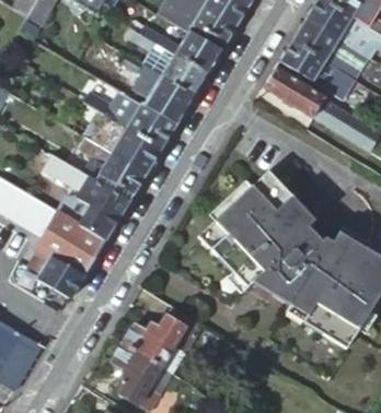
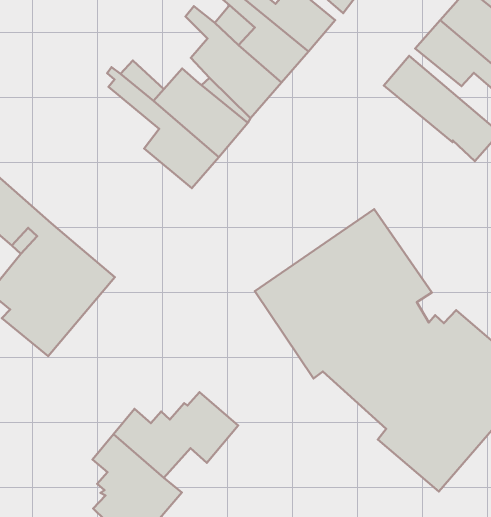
building: [82,140,148,193] -> none
building: [46,154,131,240] -> none

